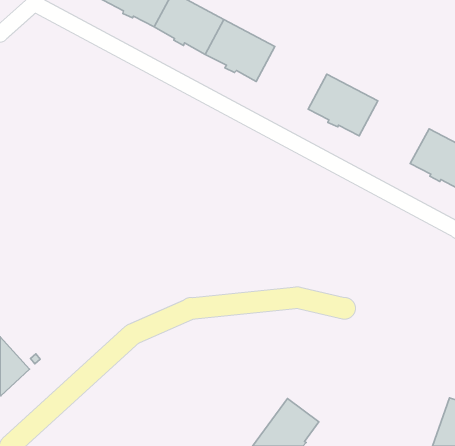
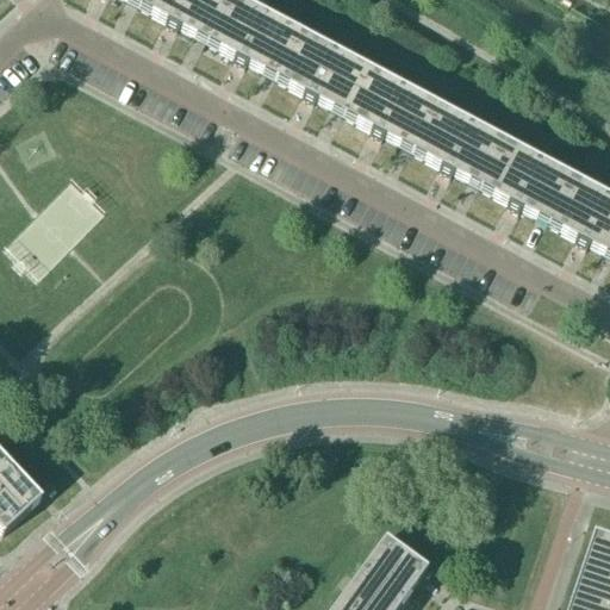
building: none -> [344,62,438,145]
building: none -> [481,135,574,218]

